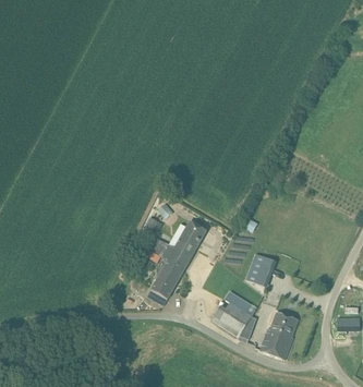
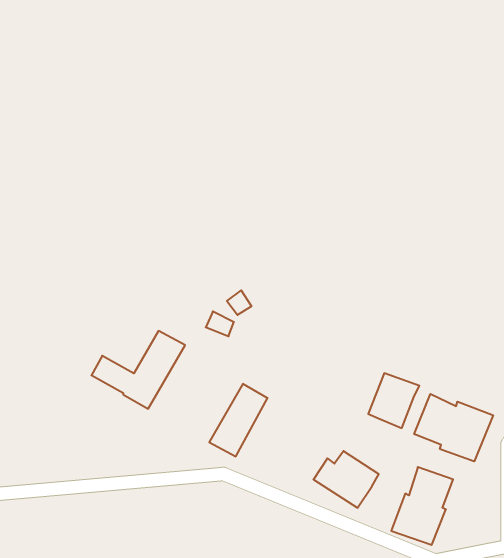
building: [148,220,206,268] -> [91,331,185,409]
building: none -> [414,394,493,461]

